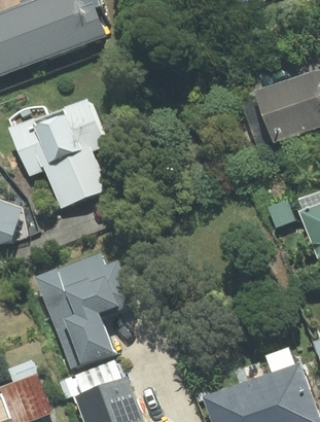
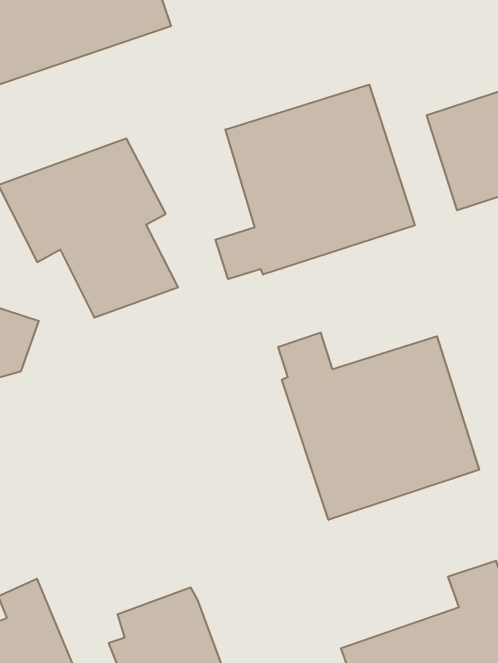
building: none -> [215,85,415,279]
building: none -> [278,333,479,520]
building: [37,254,136,367] -> none

